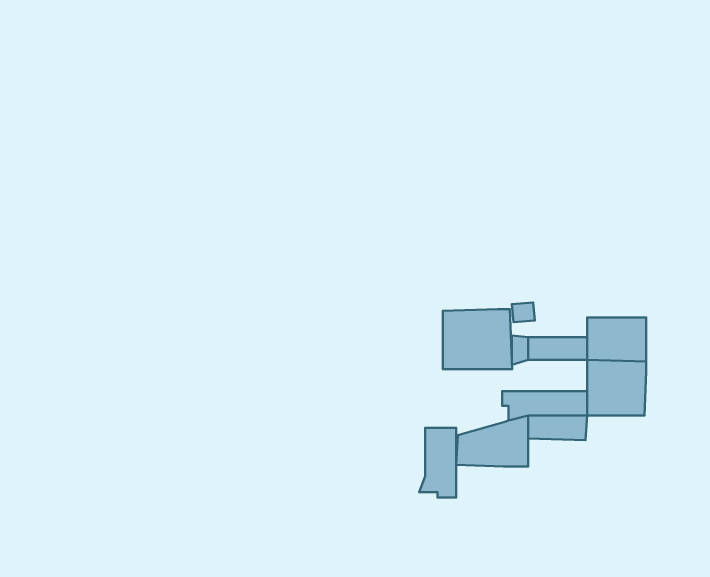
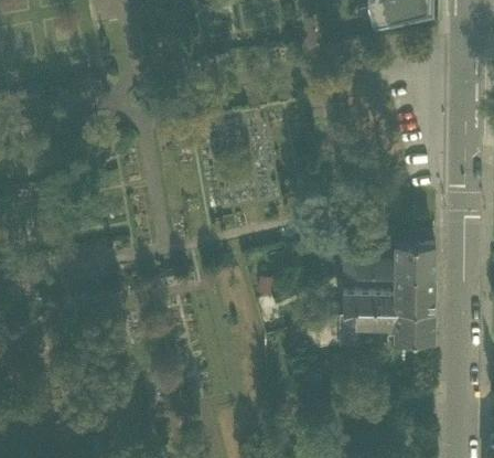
building: [443,309,512,369] -> none
building: none -> [396,313,436,343]
building: [419,428,456,497] -> none

